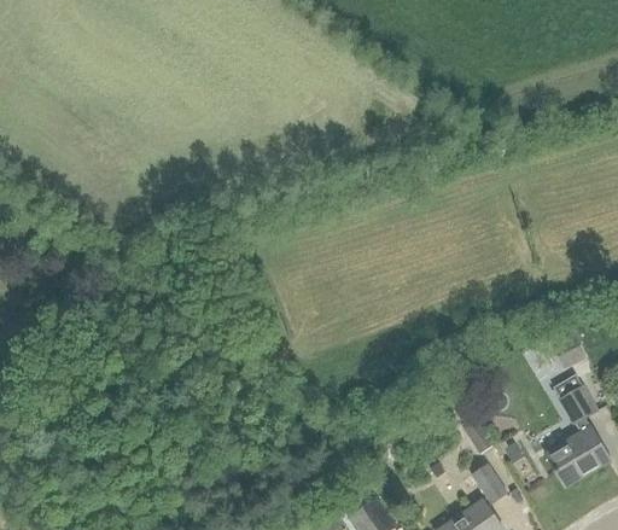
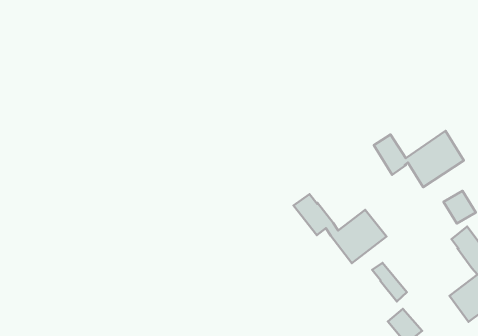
building: none -> [374,131,464,187]
building: none -> [294,194,386,263]

